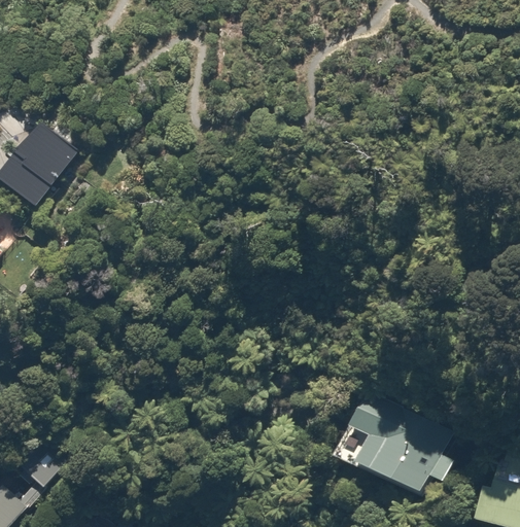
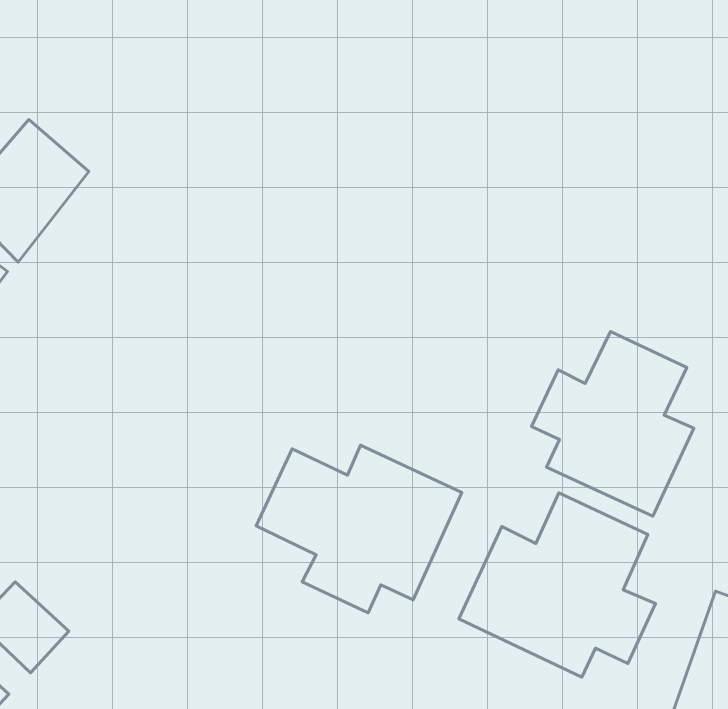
building: none -> [531,332,694,516]
building: none -> [256,445,462,613]

